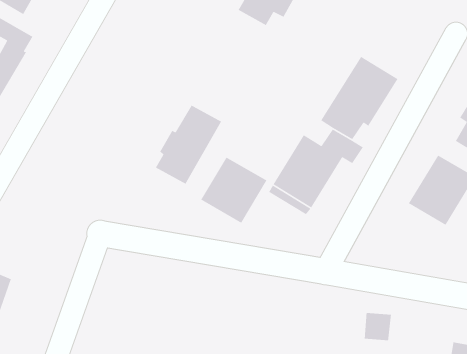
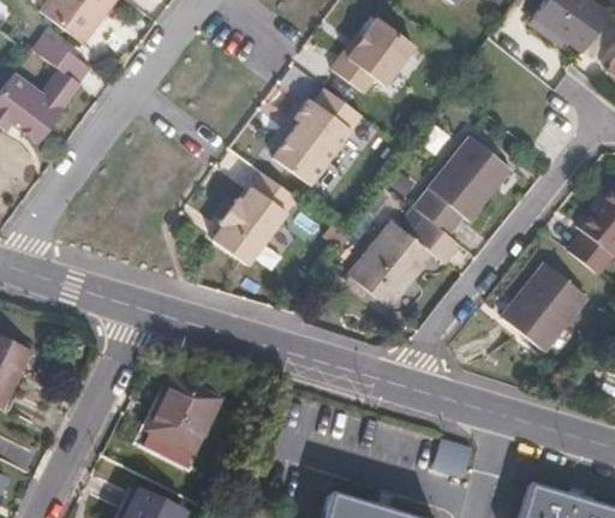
building: none -> [273,84,362,181]
building: [200,156,267,224] -> none
building: none -> [148,364,226,452]

